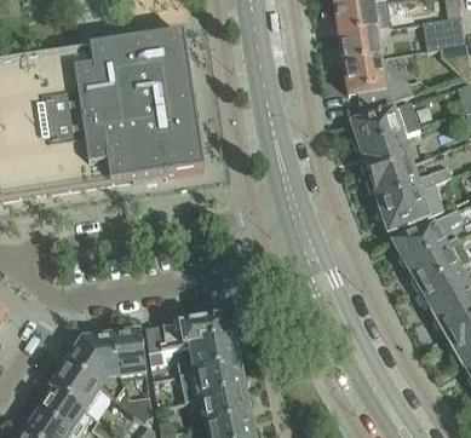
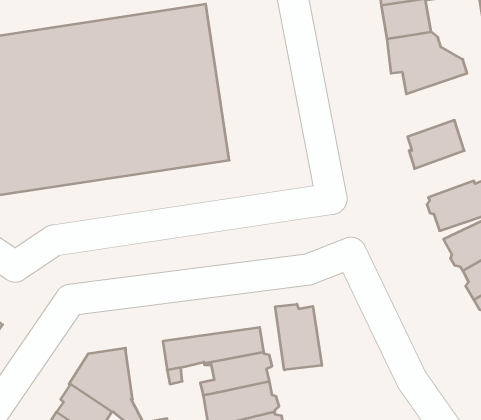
building: [350,102,418,148] -> none
building: [366,160,418,201] -> none
building: none -> [275,304,322,370]
building: [113,332,145,378] -> none

